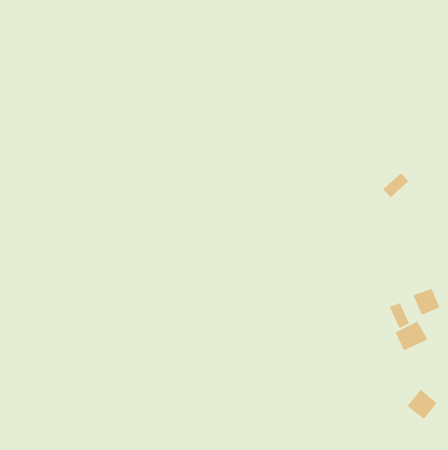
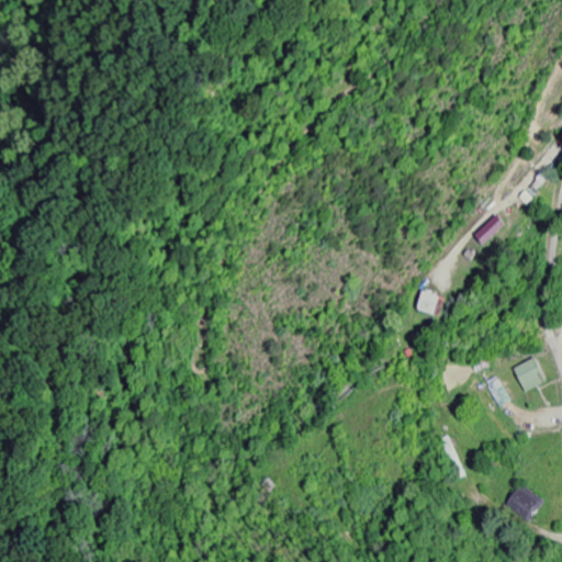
building: none -> [415,291,443,316]
building: [395,321,428,351] -> none

